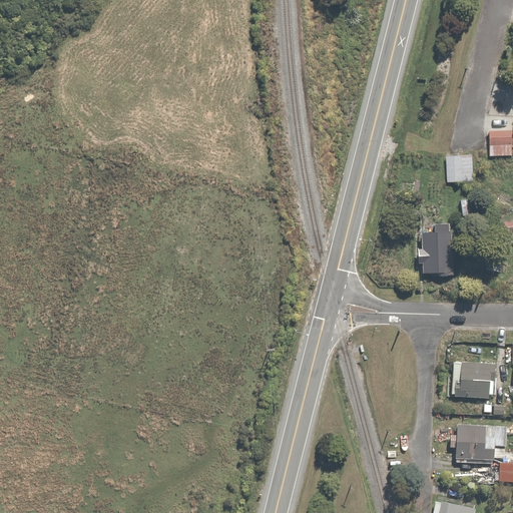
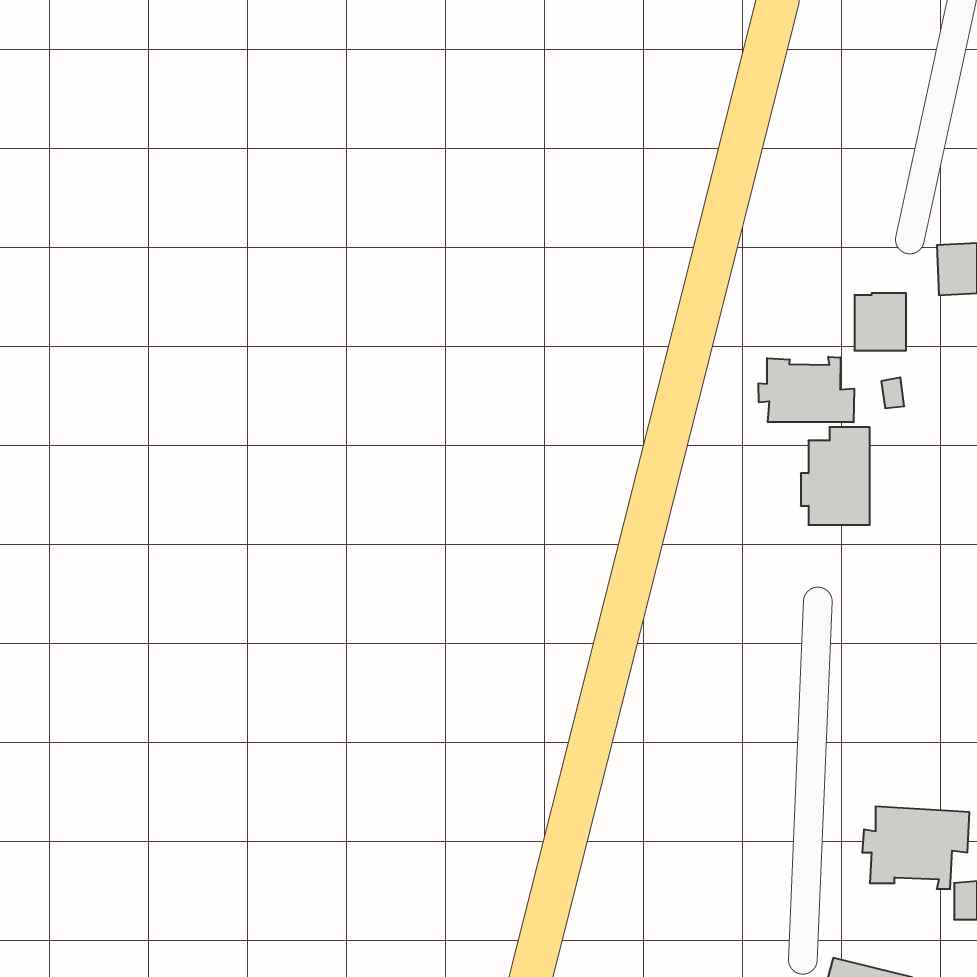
building: none -> [758,357,854,422]
building: [452,358,496,402] -> none

